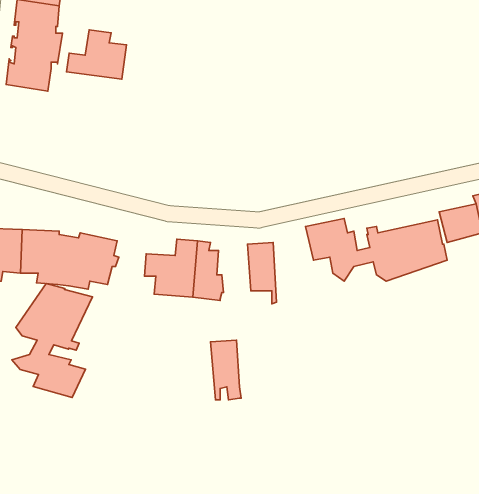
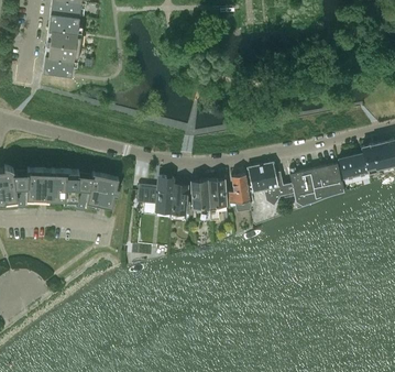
building: [67,30,126,79] -> none
building: none -> [227,174,250,210]
building: [12,284,92,398] -> none
building: [211,340,241,400] -> [189,179,210,220]

